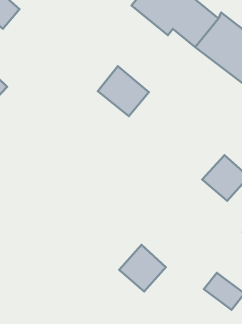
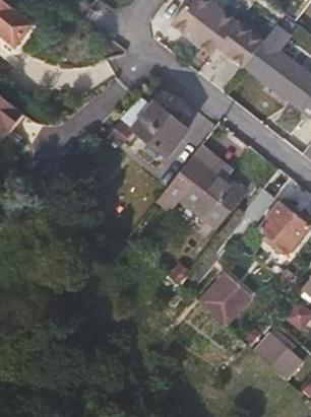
building: none -> [157,146,254,245]
building: [119,245,166,291] -> [198,273,253,328]

